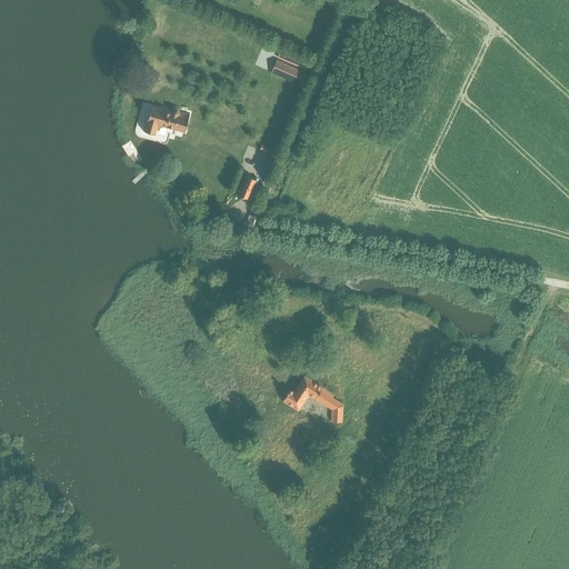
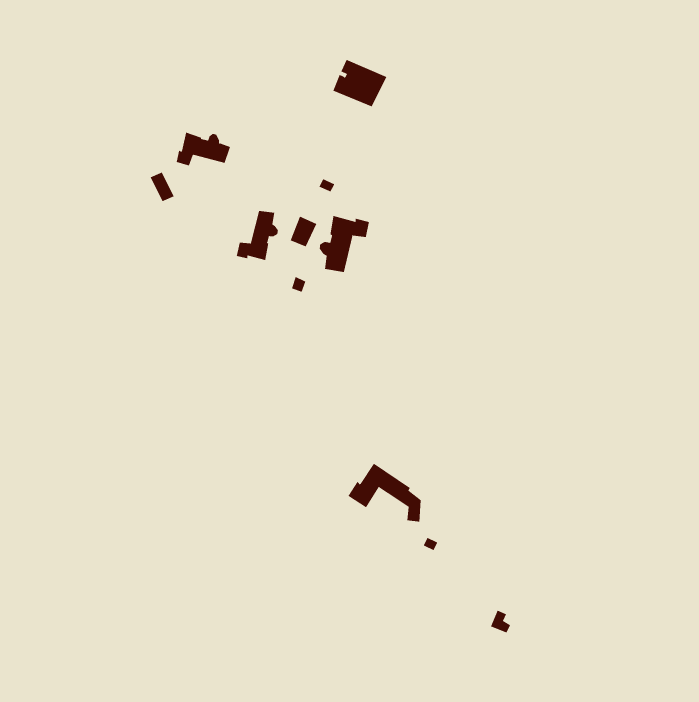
building: none -> [236,210,278,261]
building: none -> [319,215,369,273]

